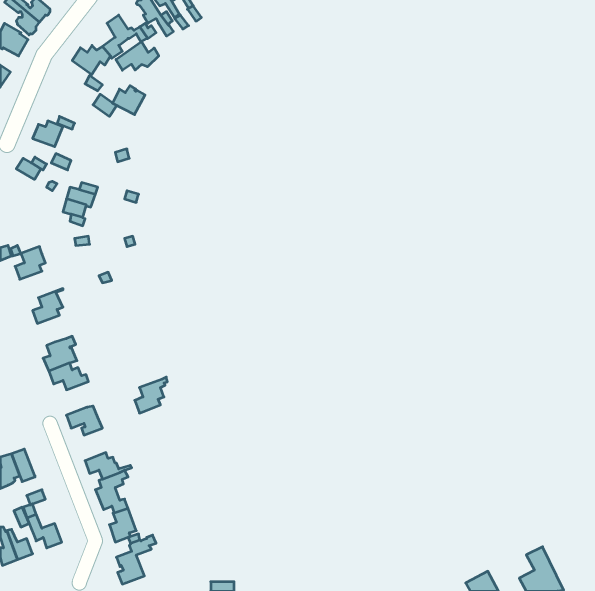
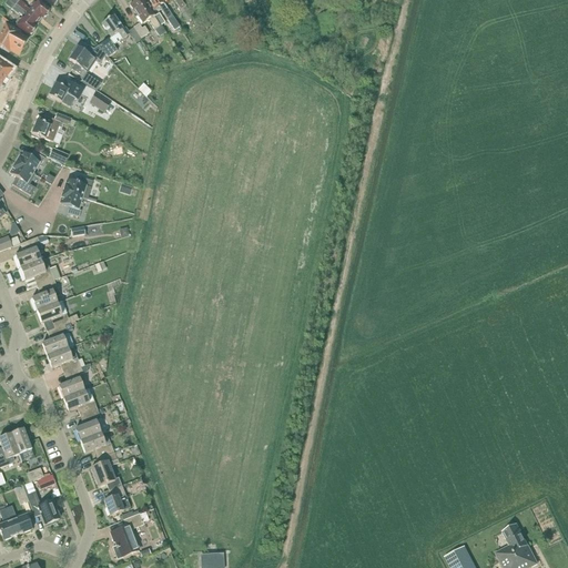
building: [116,41,159,70] -> none
building: [112,86,145,115] -> [49,78,80,105]
building: none -> [9,161,36,194]
building: none -> [19,258,60,284]
building: none -> [36,298,69,326]
building: [135,377,167,413] -> [59,362,90,396]
building: none -> [77,408,105,439]

